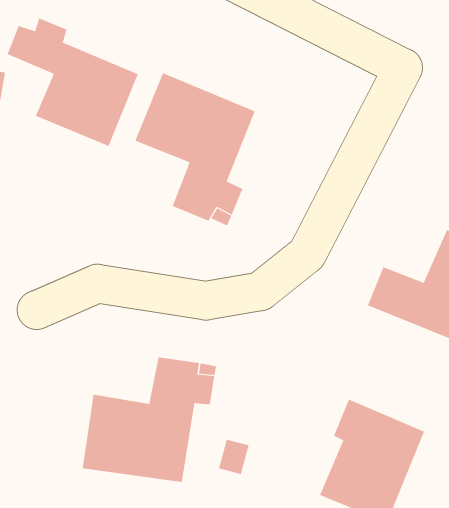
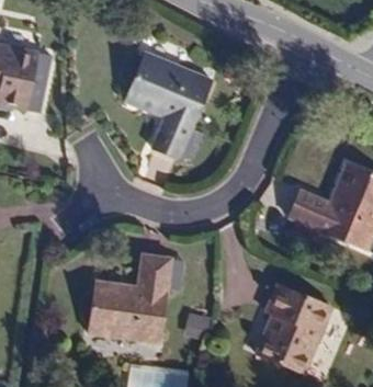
building: [7,17,138,147] -> none

